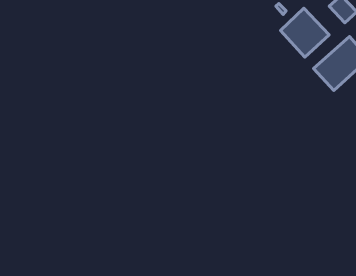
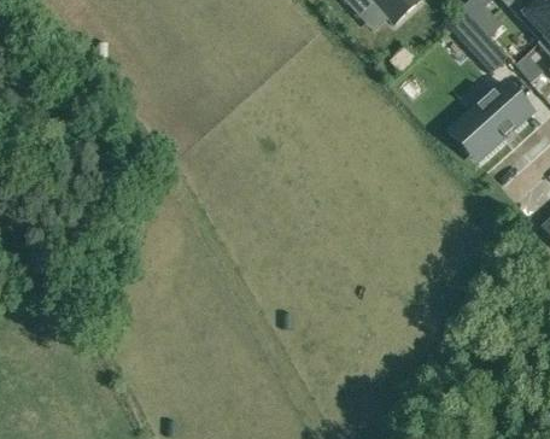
building: [280,8,329,57] -> none

